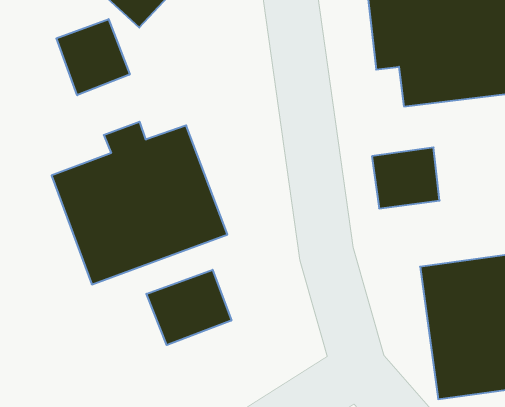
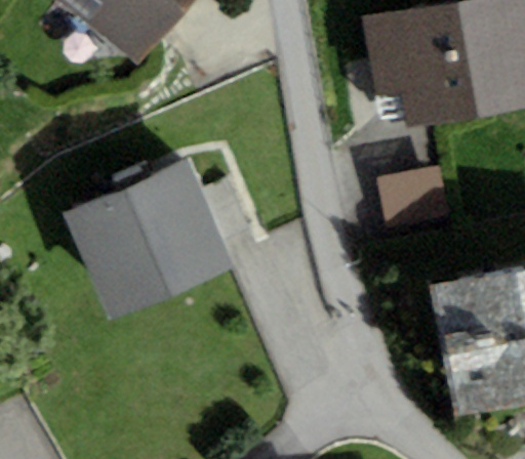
building: [56,19,130,95] -> none
building: [146,270,231,345] -> none

